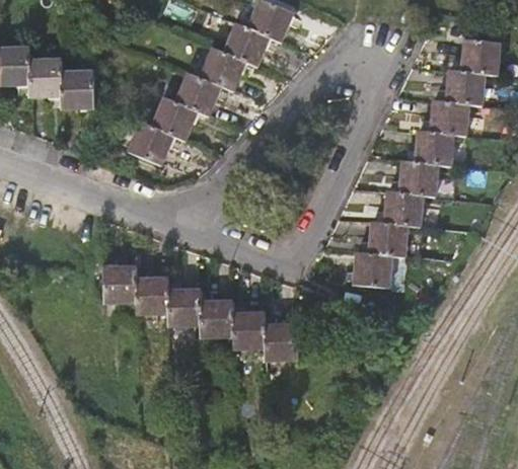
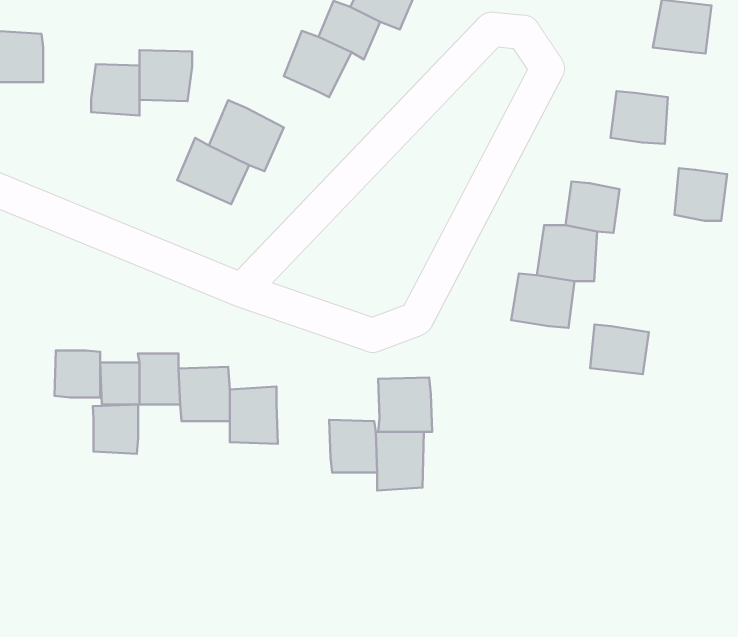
building: [444,62,483,97] -> none
building: [46,63,81,97] -> [139,50,192,101]
building: [182,75,230,120] -> none
building: [414,123,449,158] -> [674,168,727,221]
building: [347,245,386,279] -> [590,325,649,374]
building: none -> [55,350,100,397]
building: [203,302,239,338] -> [378,377,432,432]
building: none -> [93,405,138,454]

